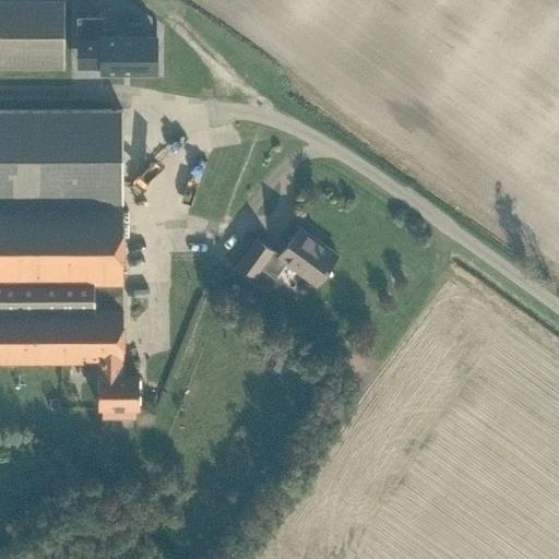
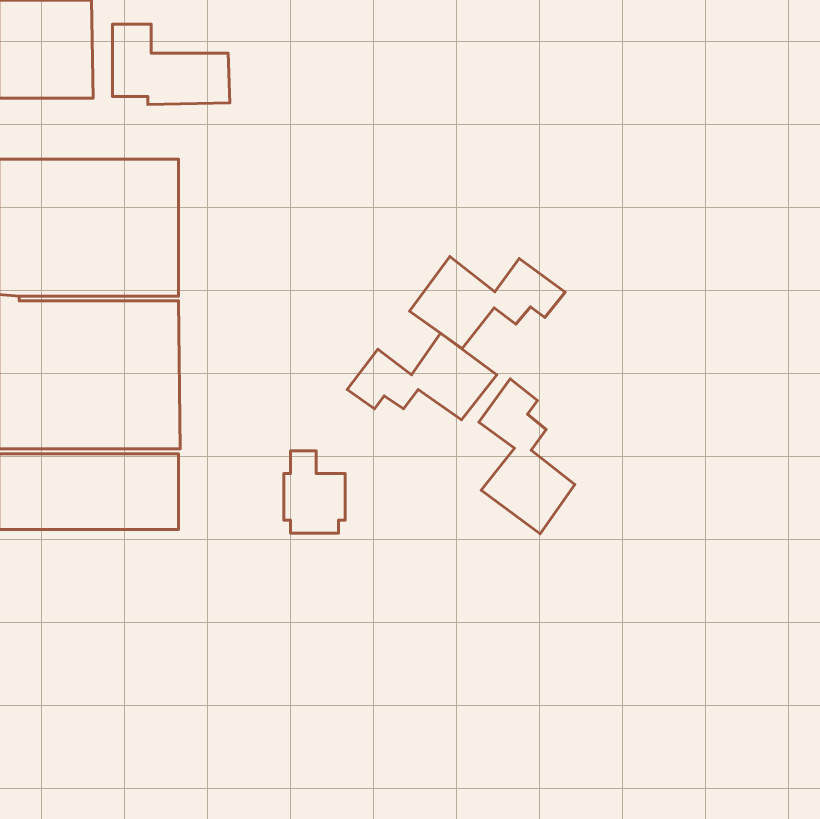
building: none -> [409,256,565,348]
building: none -> [479,379,575,534]
building: [96,361,138,417] -> [284,451,345,533]

